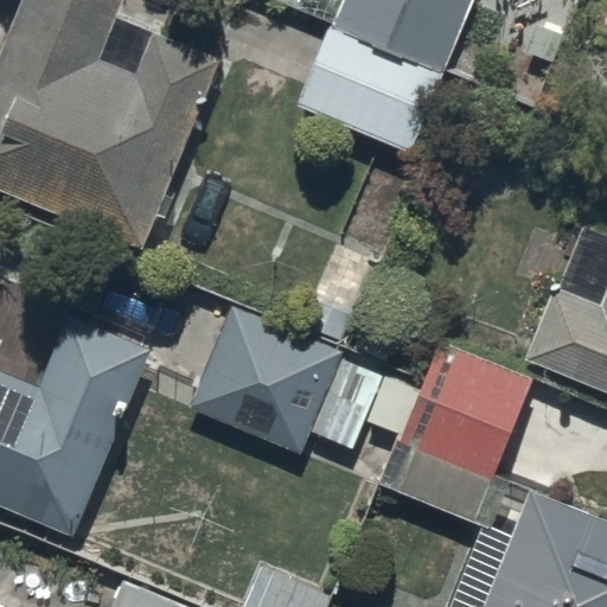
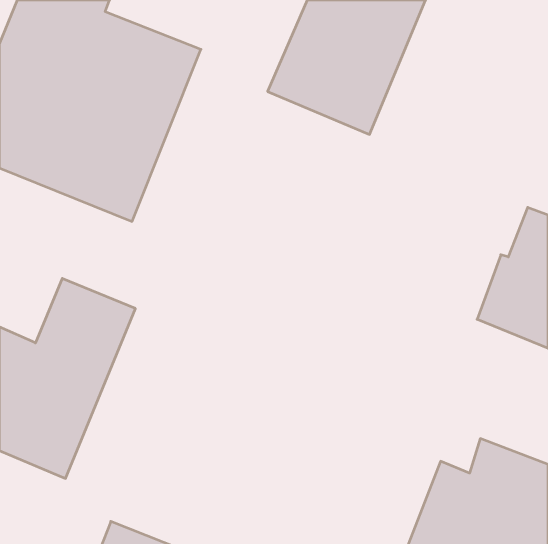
building: [190,306,379,455] -> none
building: [398,339,533,523] -> none

